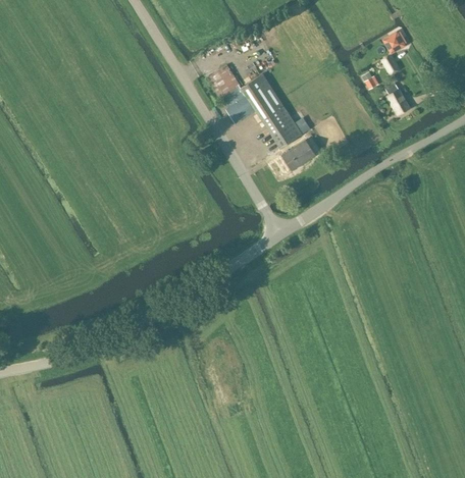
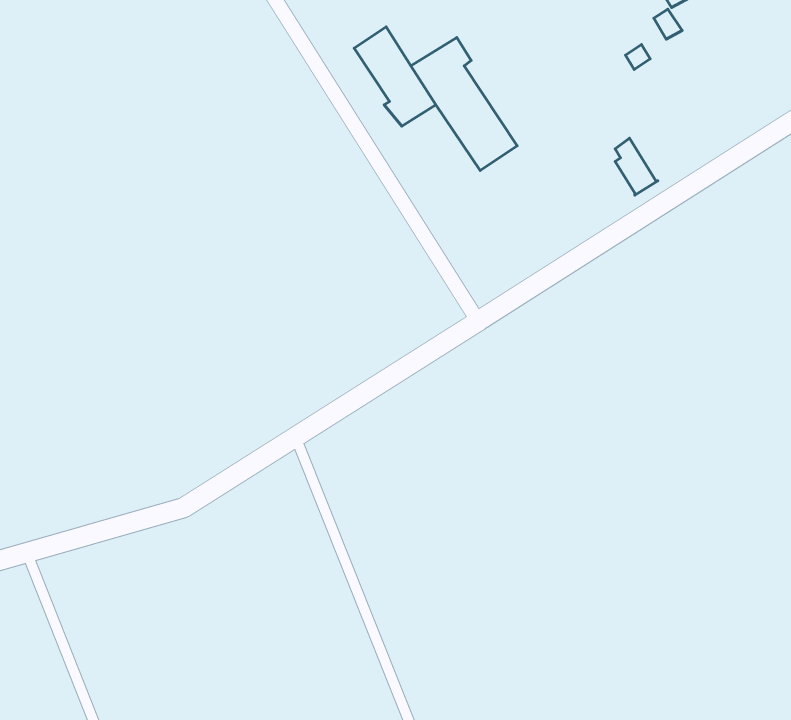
building: [386,82,411,114] -> [615,138,658,195]
building: [282,140,314,168] -> none

